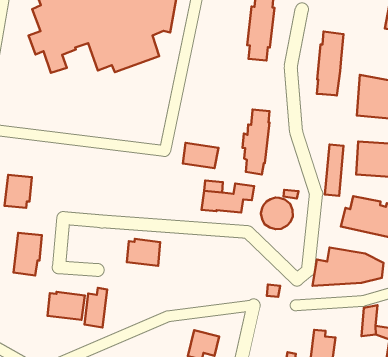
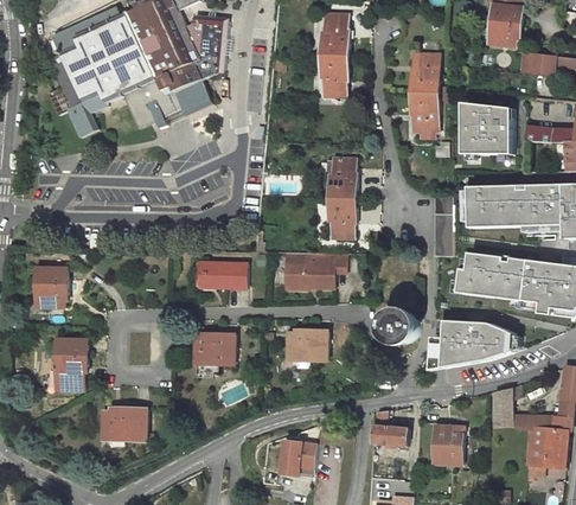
building: [183,143,218,168] -> [204,260,247,288]
building: [261,198,293,229] -> [380,307,421,346]
building: none -> [286,328,327,366]
building: [84,288,107,328] -> none
building: none -> [372,409,408,447]

